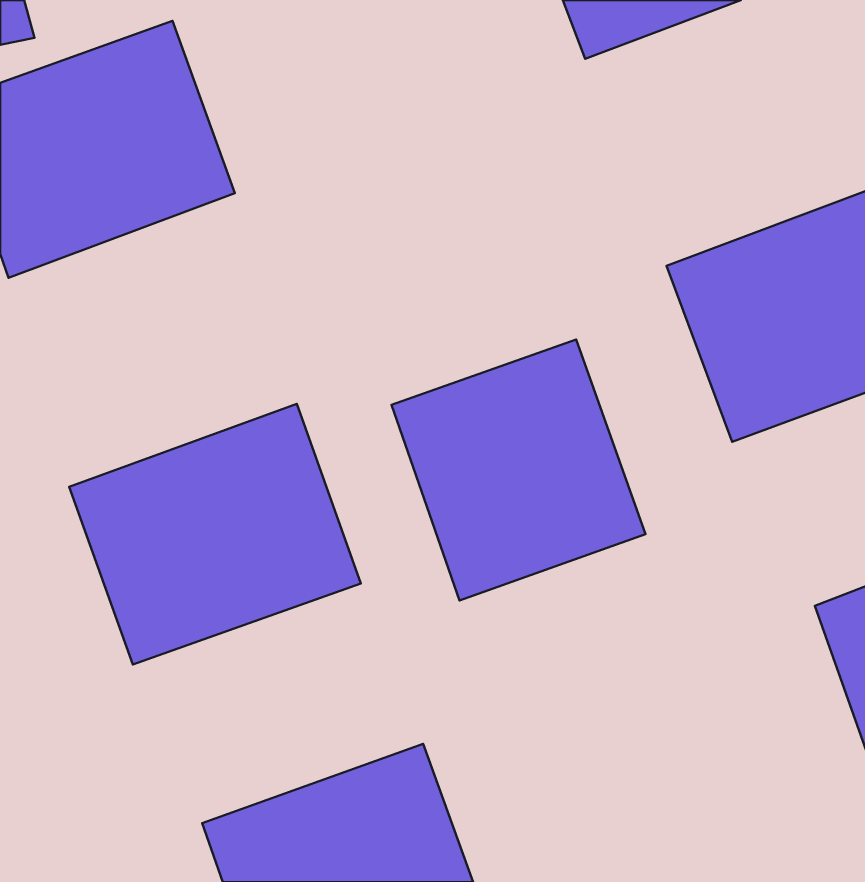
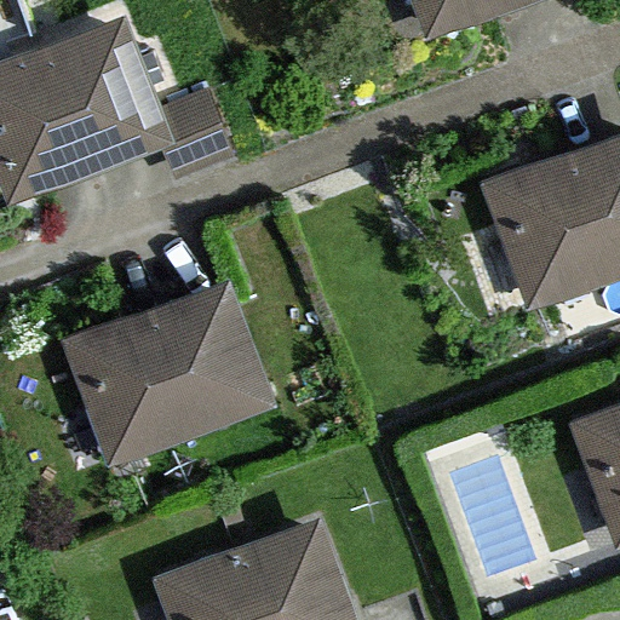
building: [392,340,645,601] -> none

